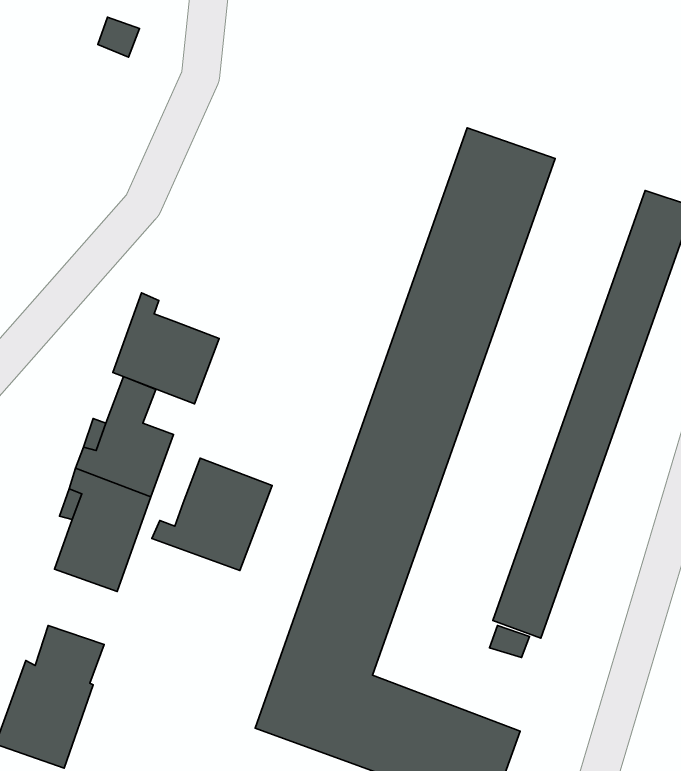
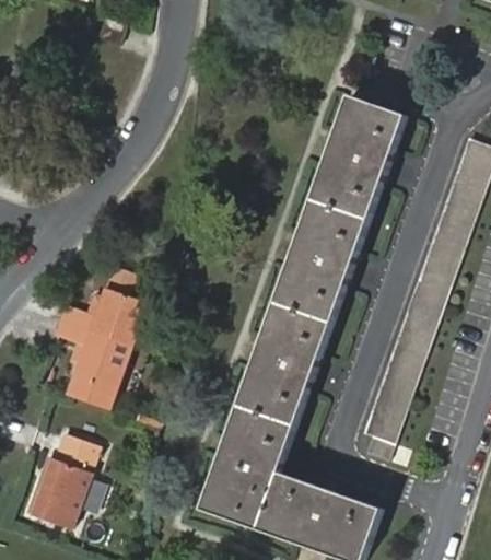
building: [113,293,219,404] -> none
building: [152,458,272,570] -> none

